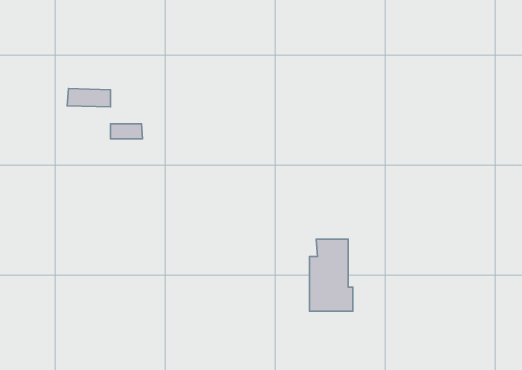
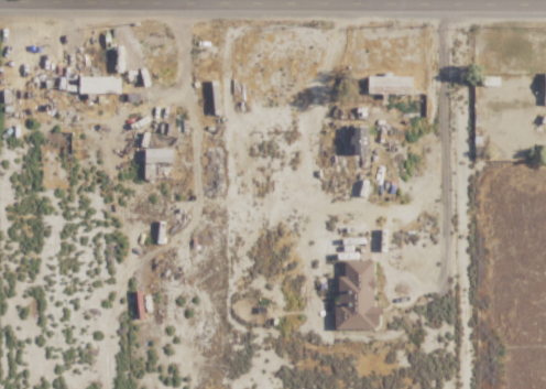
building: none -> [369,75,413,94]
building: [67,89,111,107] -> [80,76,122,94]

